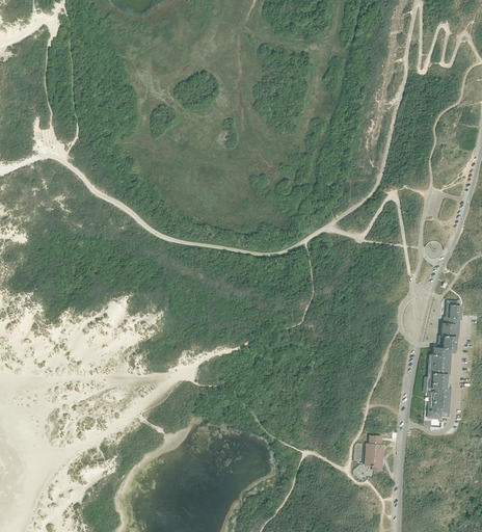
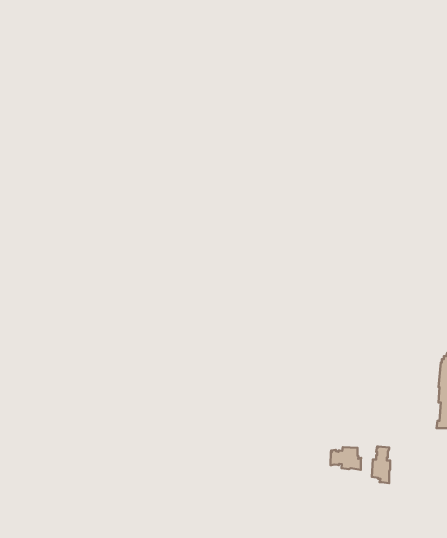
building: none -> [330,447,361,470]

